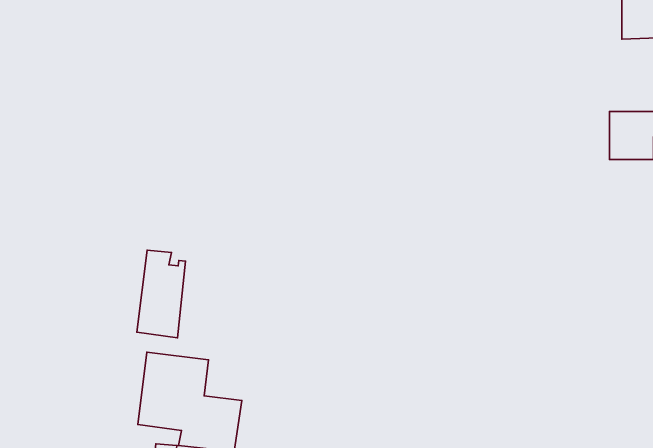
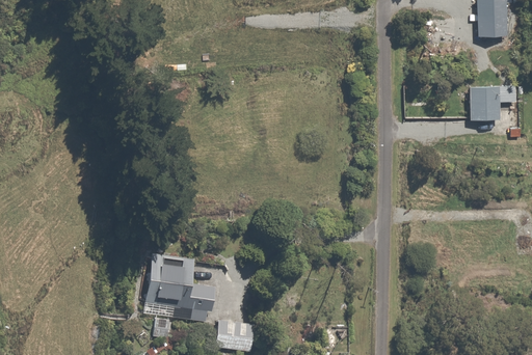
building: [137,250,186,338] -> none

